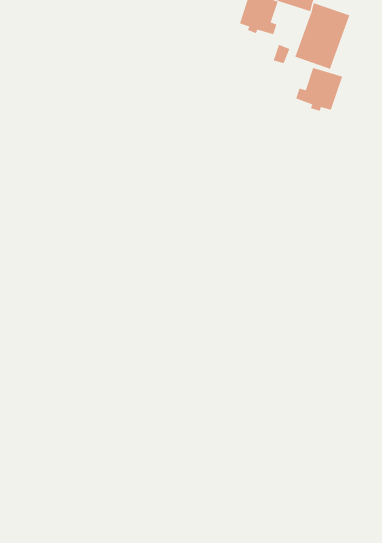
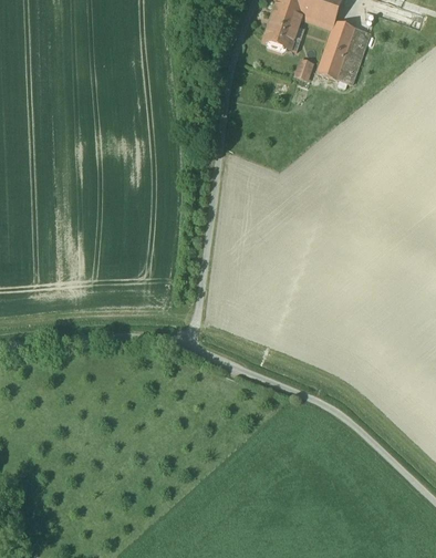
building: [296,67,343,111] -> none

